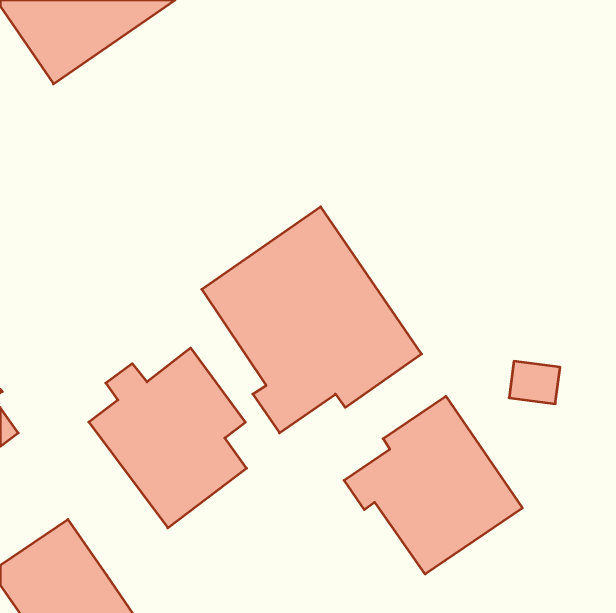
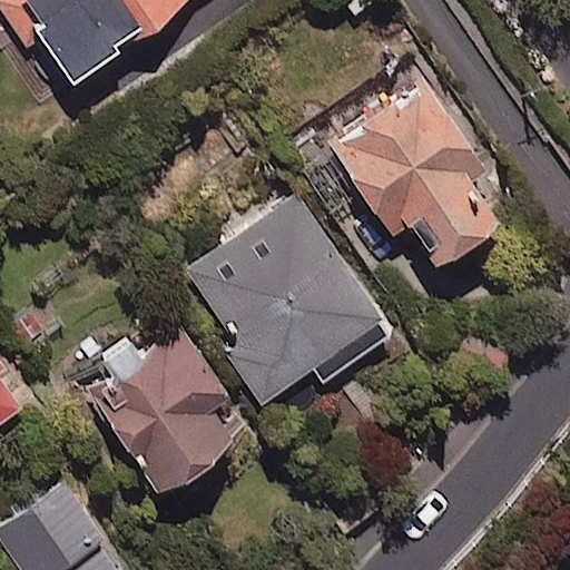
building: none -> [331,82,494,259]
building: [344,396,522,574] -> none

